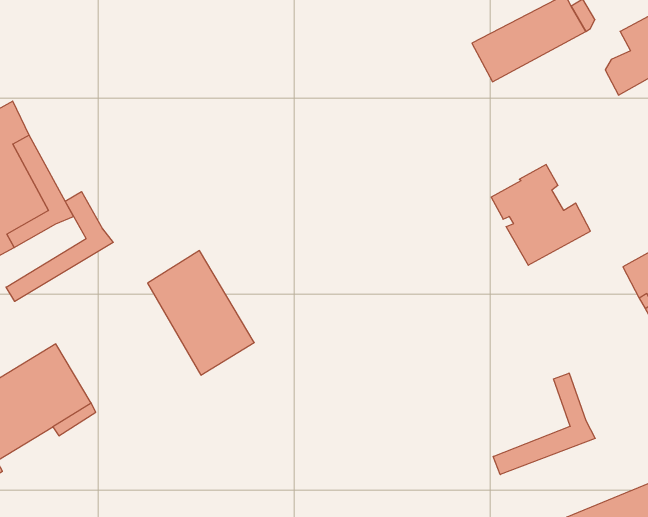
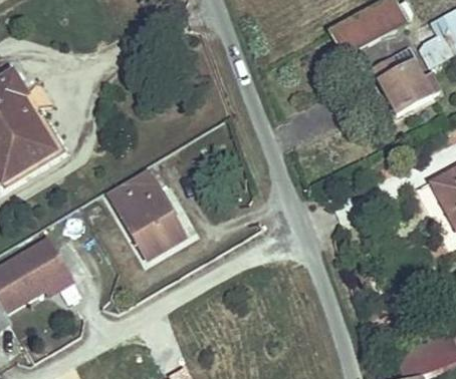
building: [491,165,590,265] -> [372,47,439,115]
building: [6,192,113,301] -> none
building: [493,373,595,475] -> none

